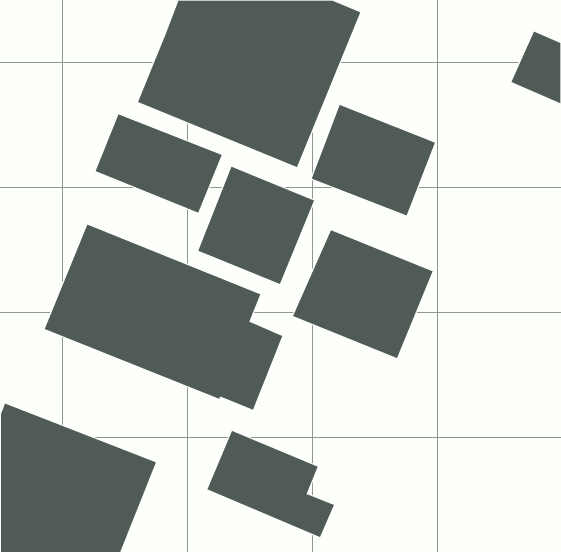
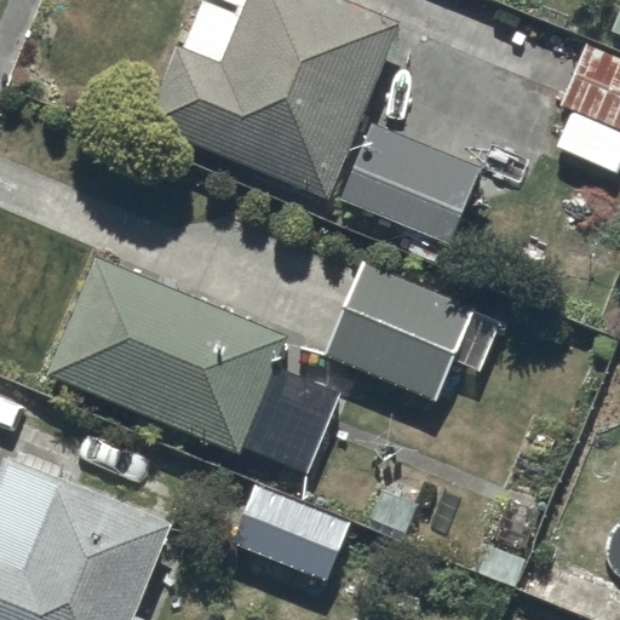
building: [95,113,223,213] -> none
building: [198,166,315,285] -> none

